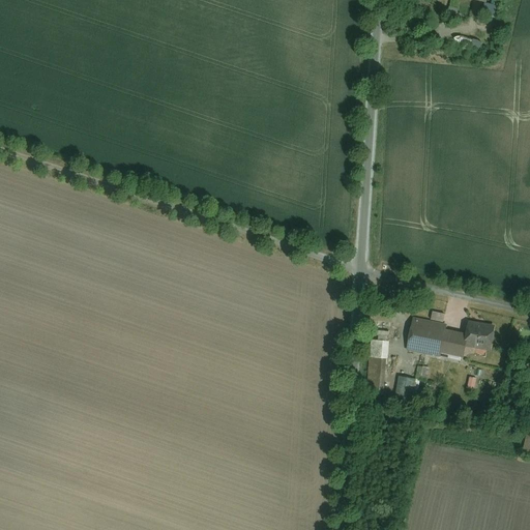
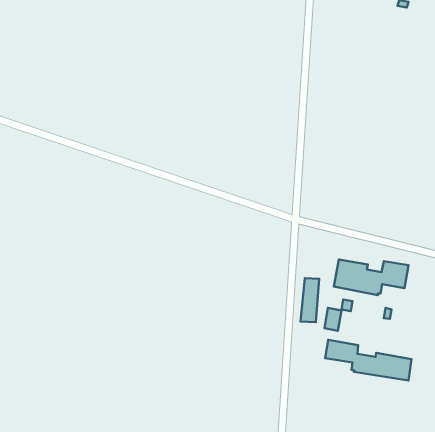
building: none -> [325,340,412,381]

